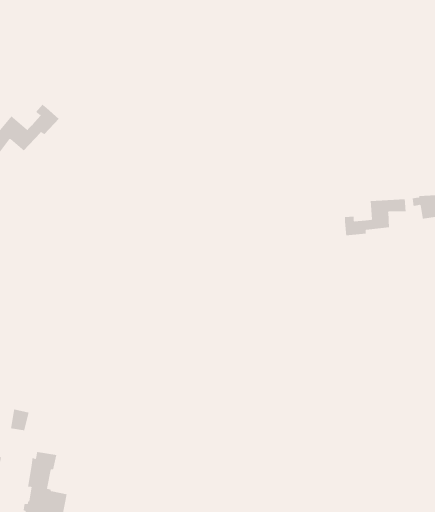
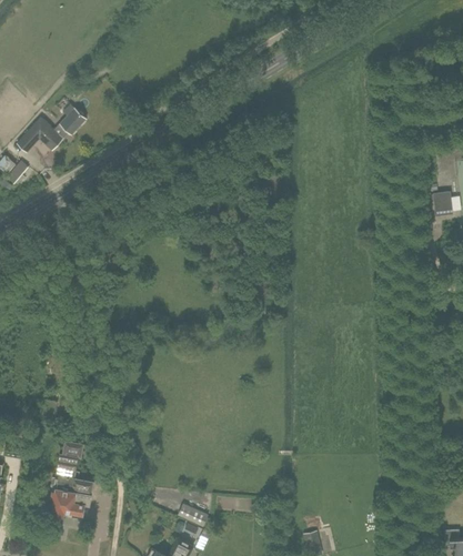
building: [344,199,406,236] -> none

